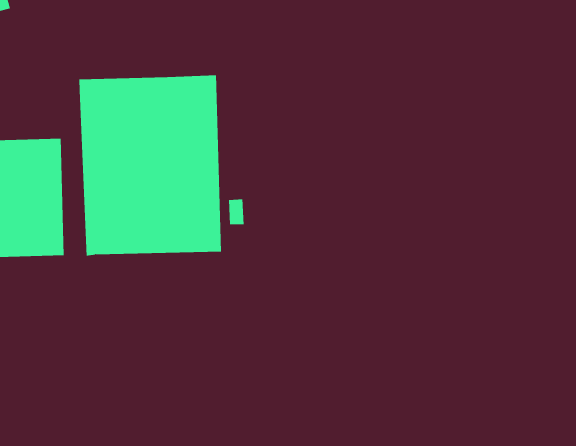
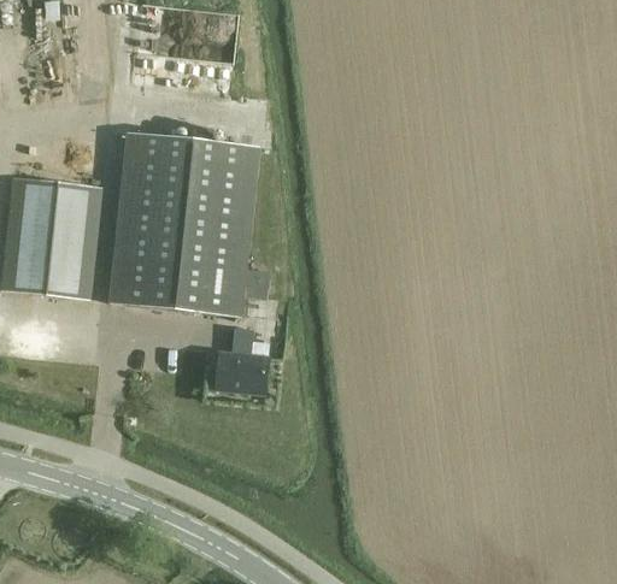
building: none -> [215,328,268,393]

